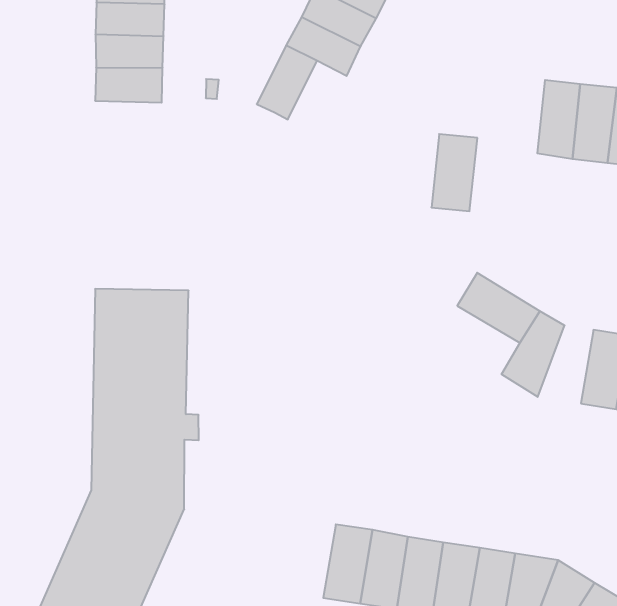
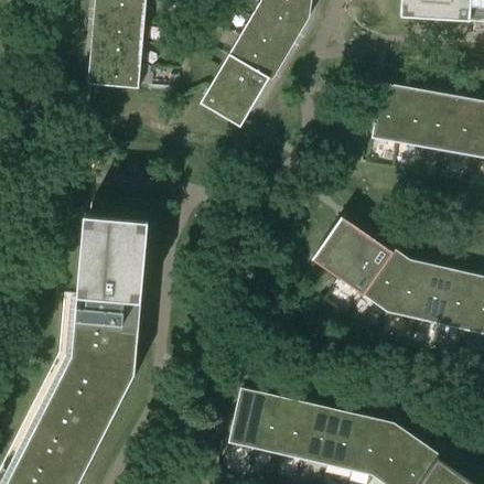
building: none -> [225,66,268,117]
building: [431,134,477,211] -> [370,86,406,141]
building: none -> [320,244,376,293]
building: none -> [386,262,428,318]

